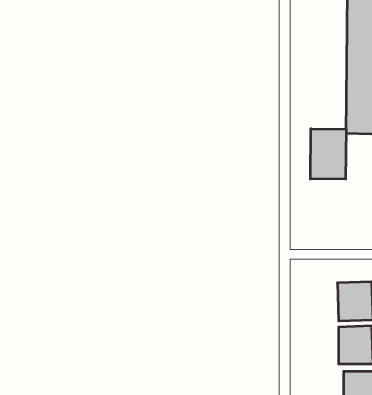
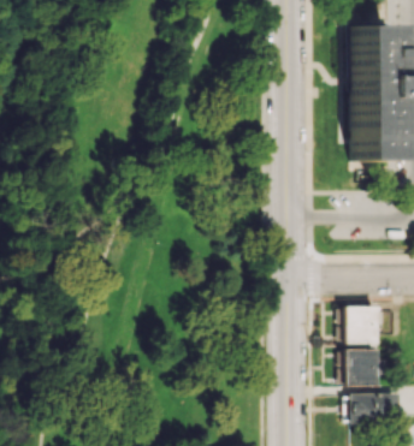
building: [310,129,346,179] -> none

